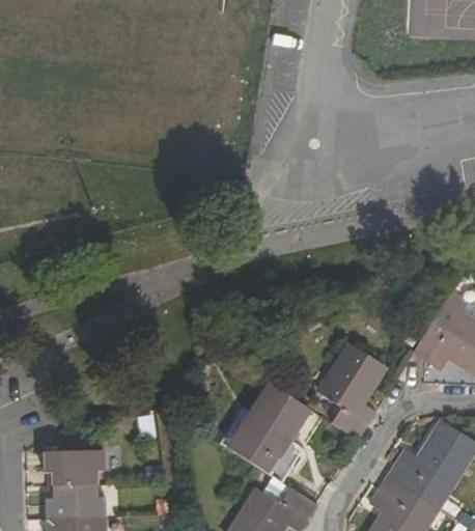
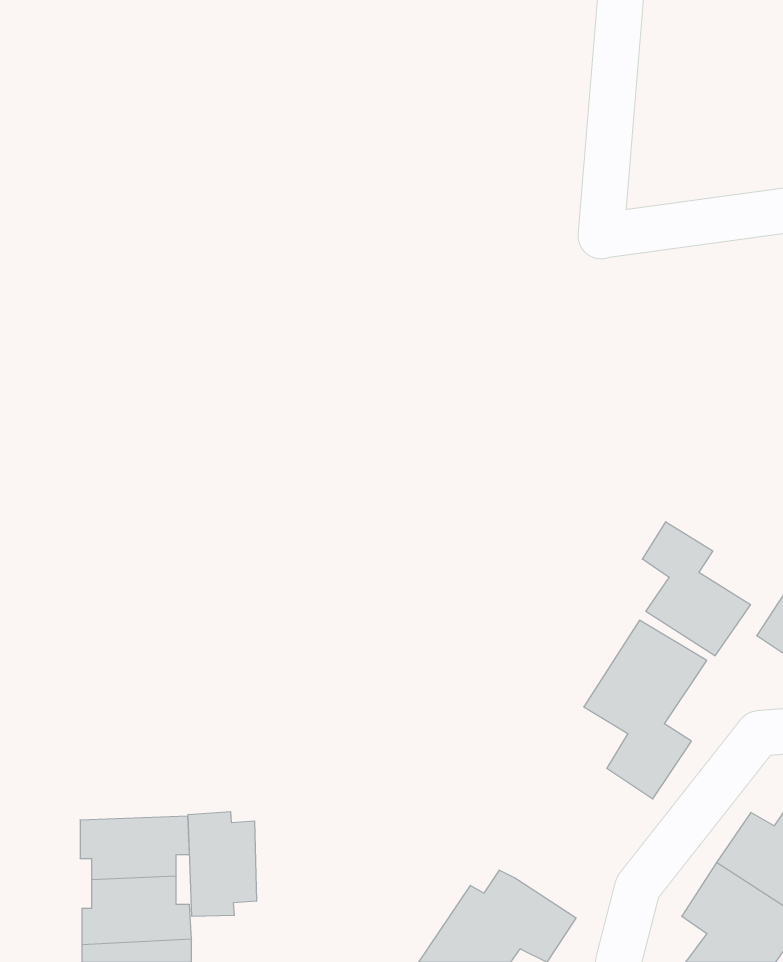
building: none -> [642,522,750,656]
building: [221,386,309,483] -> none
building: none -> [188,812,256,916]

